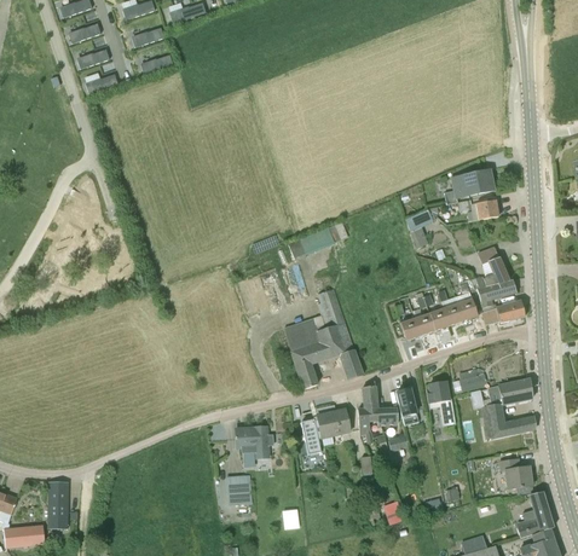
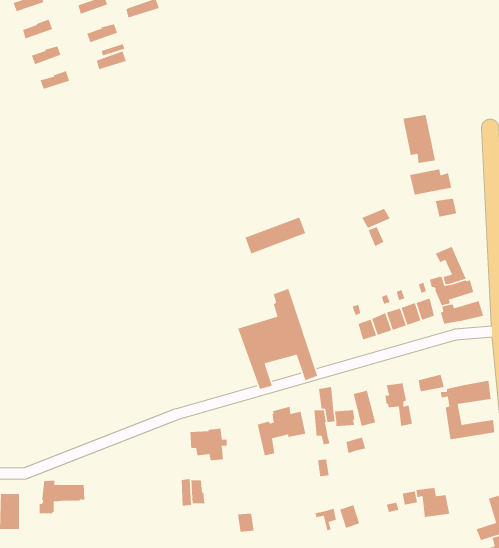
building: none -> [403,114,436,164]
building: [498,458,532,488] -> [416,487,450,518]
building: none -> [39,480,85,514]

